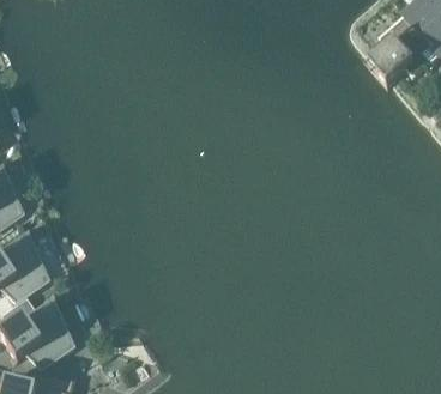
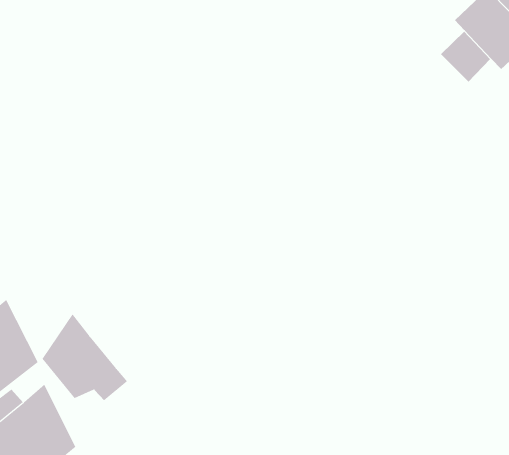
building: none -> [42,314,128,401]

